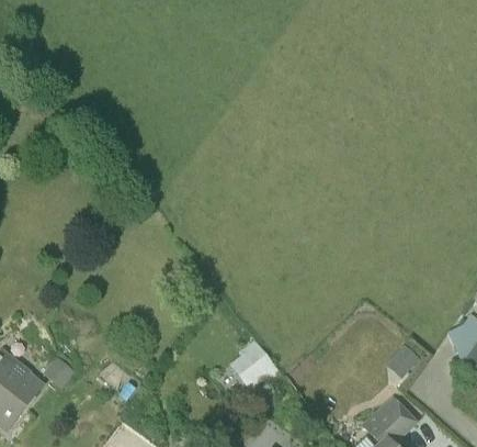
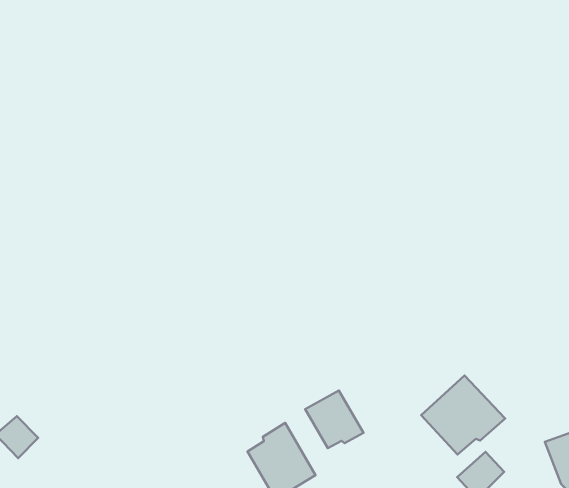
building: none -> [421,376,505,454]
building: none -> [305,391,364,448]

